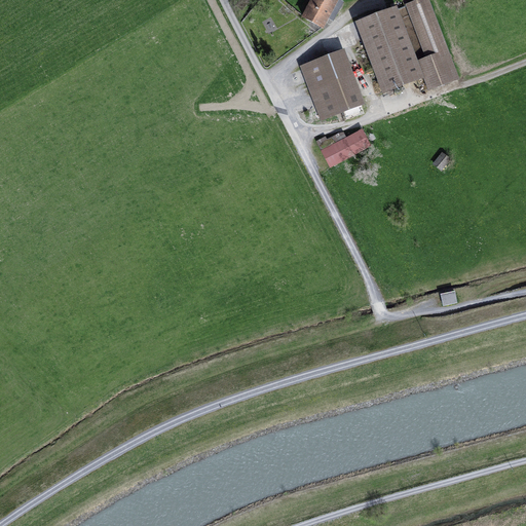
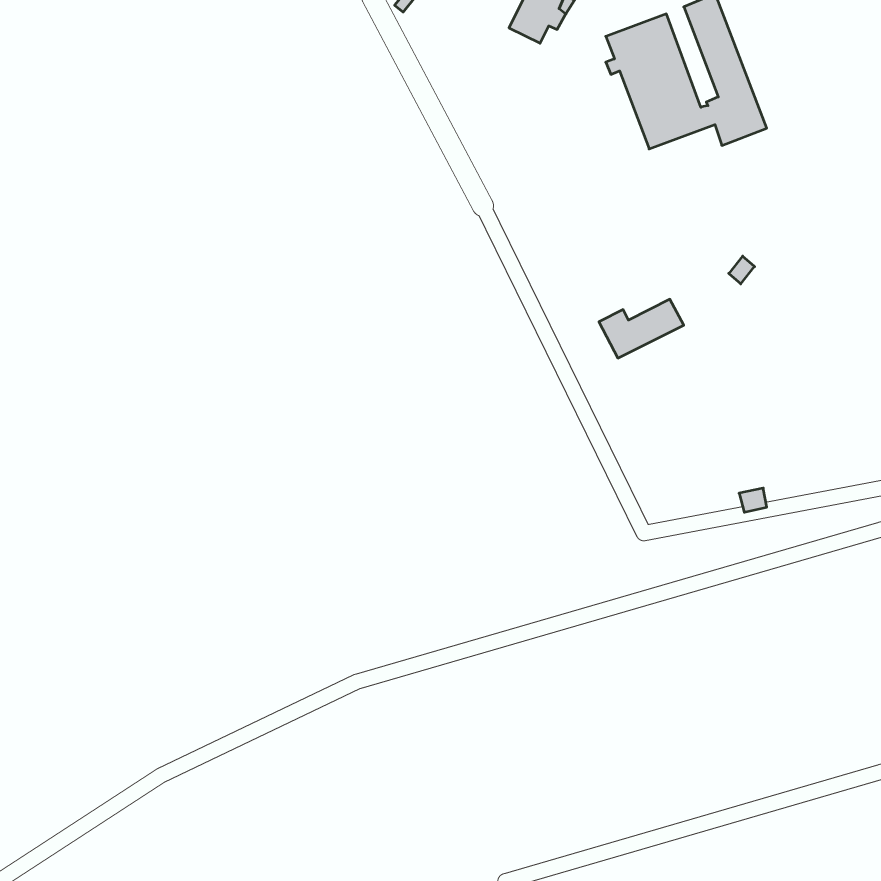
building: [301,51,359,116] -> none
building: [317,129,368,164] -> [599,299,684,358]

